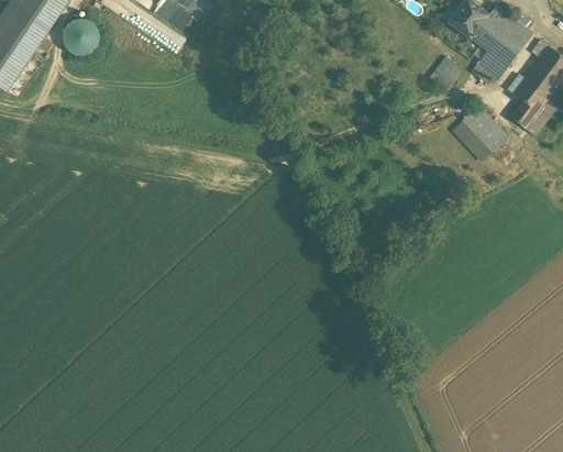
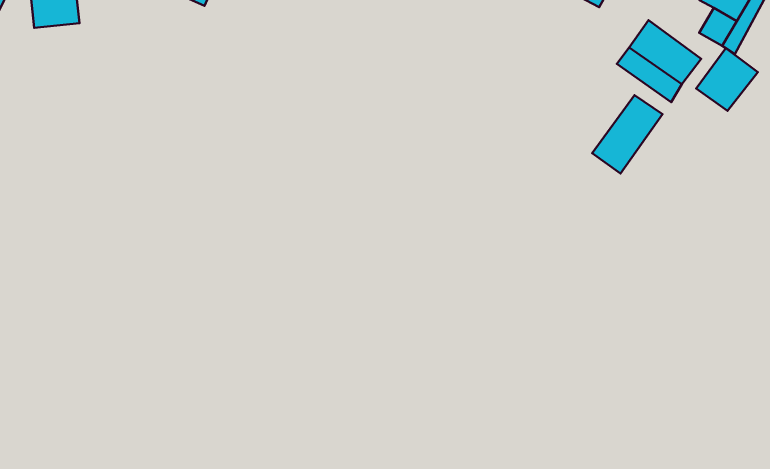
building: none -> [696,48,758,111]
building: none -> [592,95,662,174]

